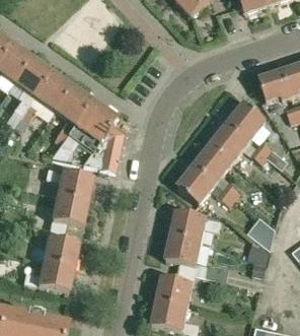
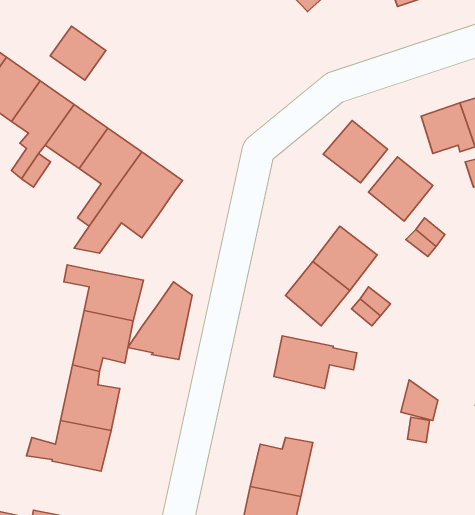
building: none -> [50,26,106,80]
building: [83,123,122,170] -> [128,282,192,359]
building: [210,123,248,160] -> [323,120,388,183]
building: [165,233,208,275] -> none

